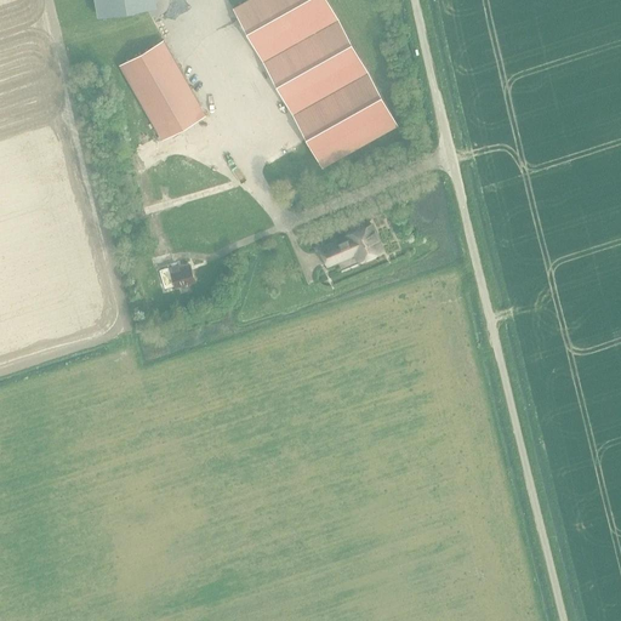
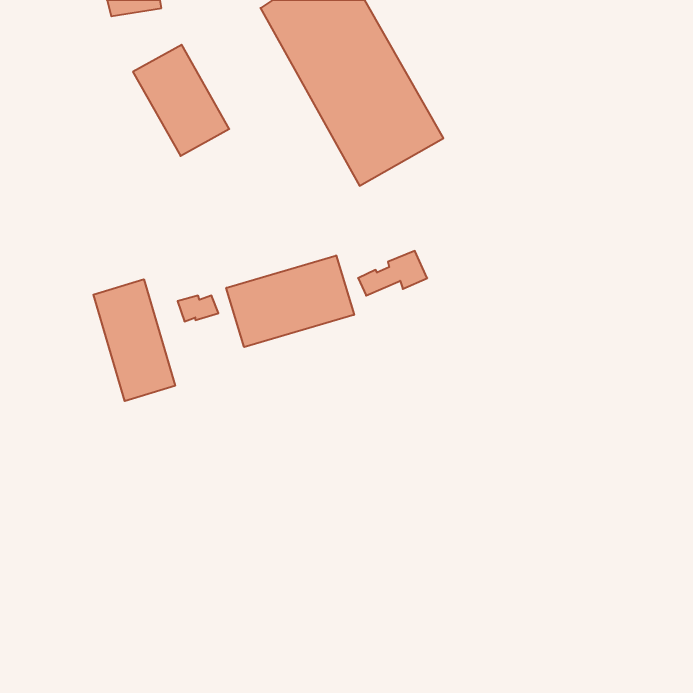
building: none -> [226,255,354,347]
building: none -> [93,279,175,401]

